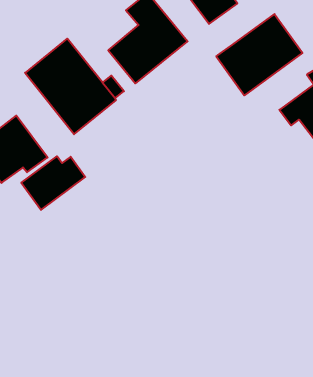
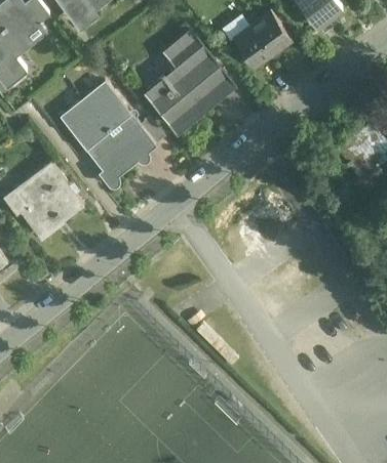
building: [216,14,302,95] -> none
building: [21,156,85,210] -> none

